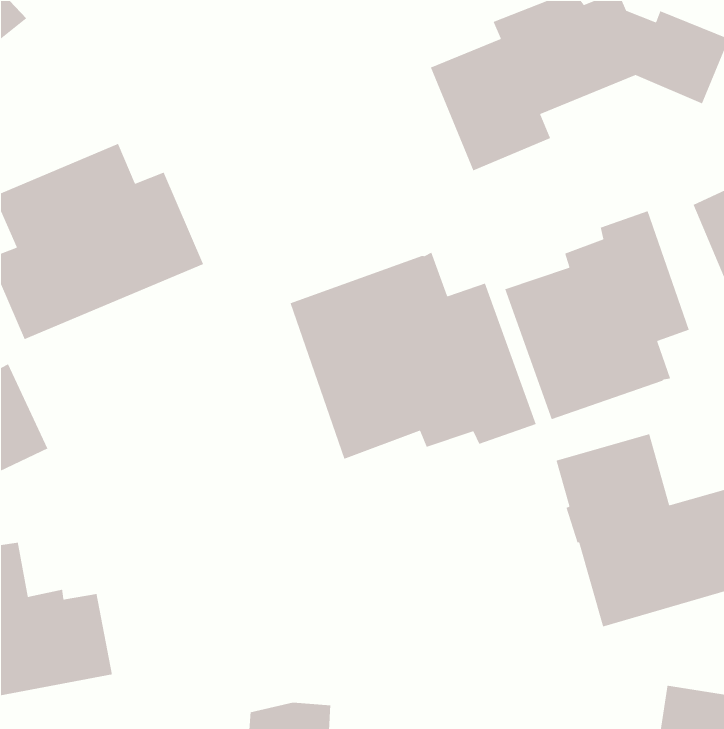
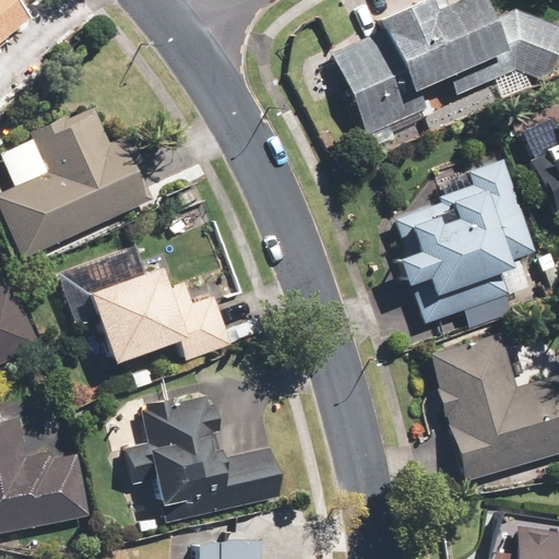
building: [289,252,537,460] -> none
building: none -> [62,252,234,365]
building: none -> [124,395,282,524]

